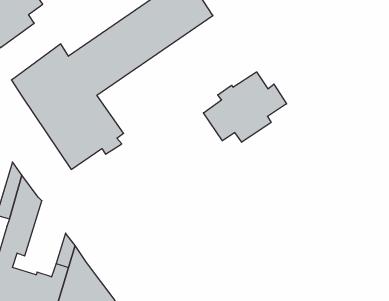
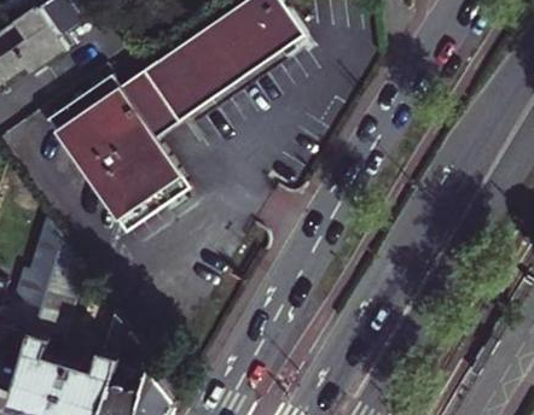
building: [203,72,287,142] -> none

